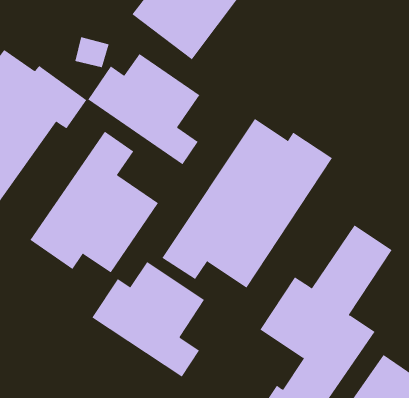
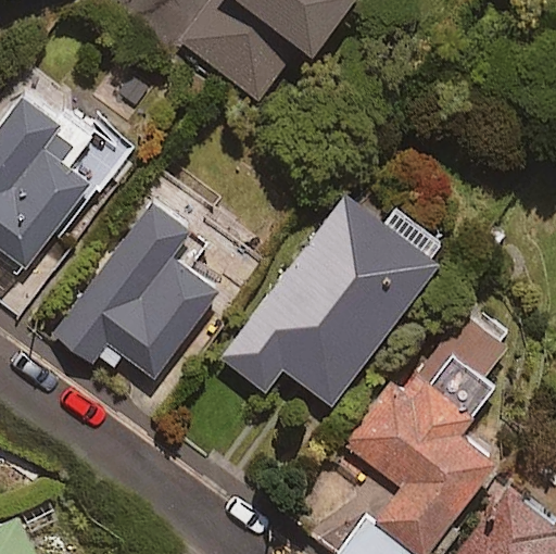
building: [87,53,200,165] -> none
building: [91,261,205,377] -> none

